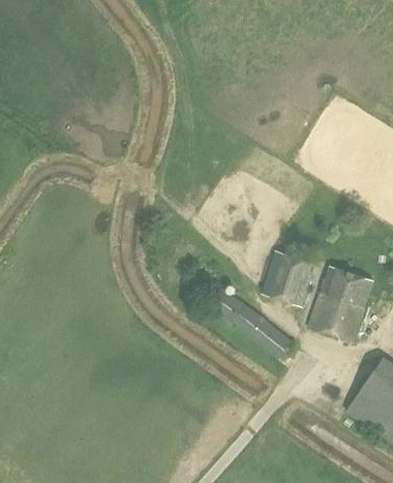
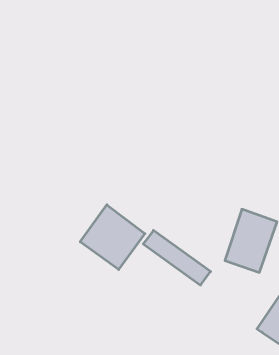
building: [260,248,313,305] -> none
building: none -> [80,205,145,270]

